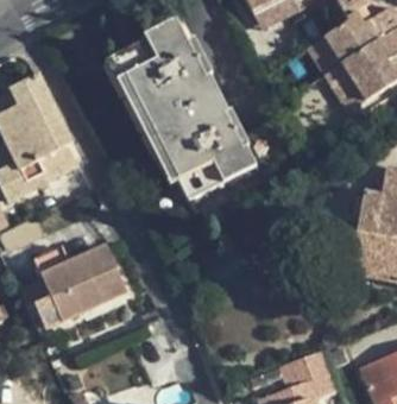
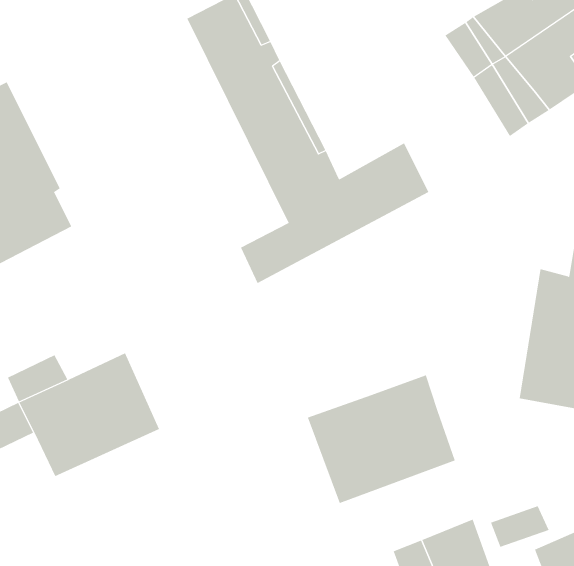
building: [114,37,208,179] -> none
building: none -> [307,374,456,504]

